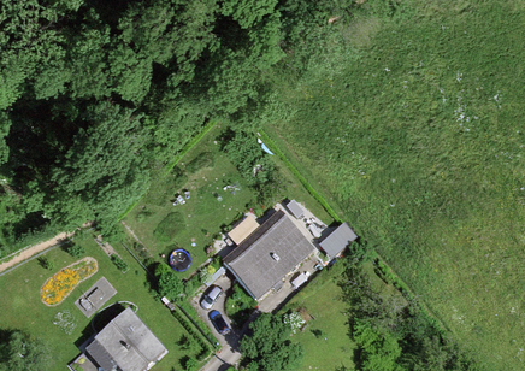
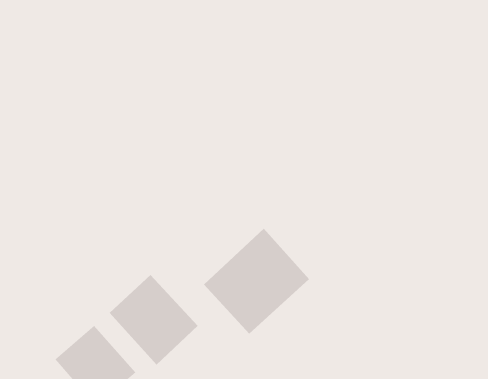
building: none -> [109,274,198,365]

